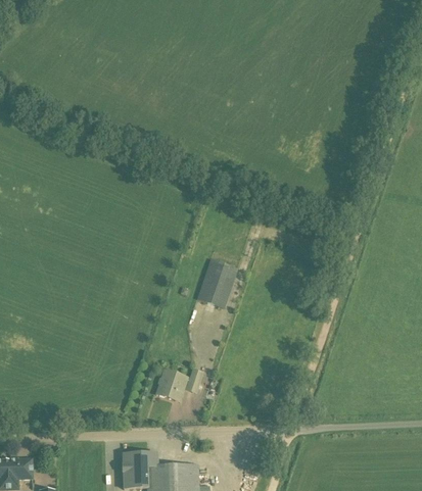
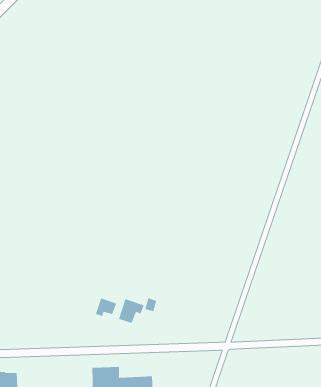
building: [197,260,237,308] -> none
building: none -> [95,298,117,317]

